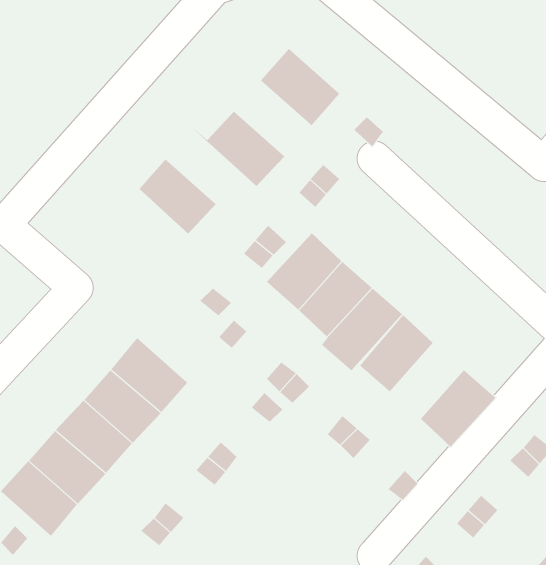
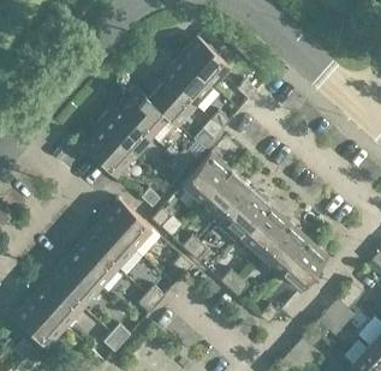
building: none -> [161,58,210,106]
building: none -> [118,88,175,136]
building: none -> [83,126,132,175]
building: none -> [100,201,150,249]
building: none -> [260,223,306,271]

